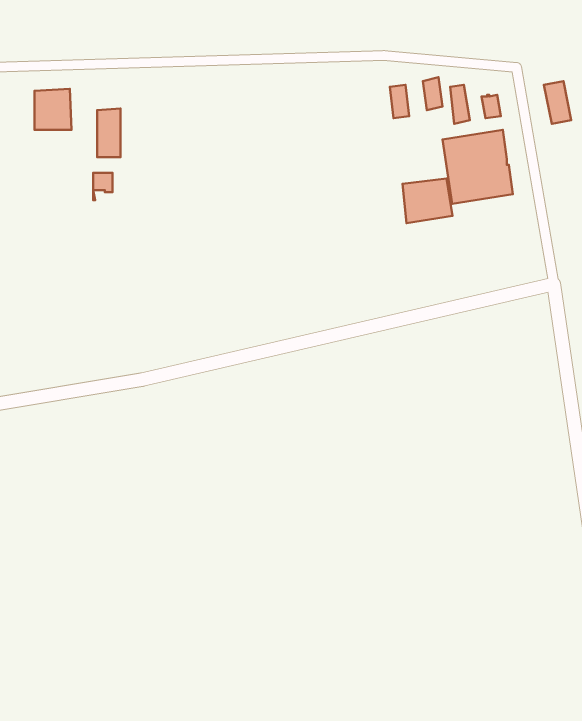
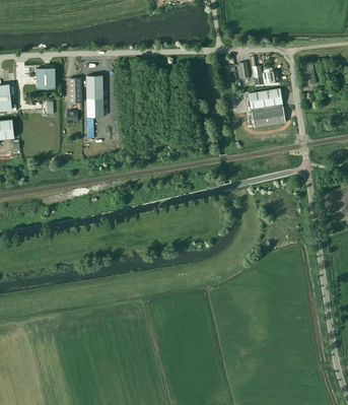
building: none -> [86,76,103,118]
building: [402,179,453,223] -> none

